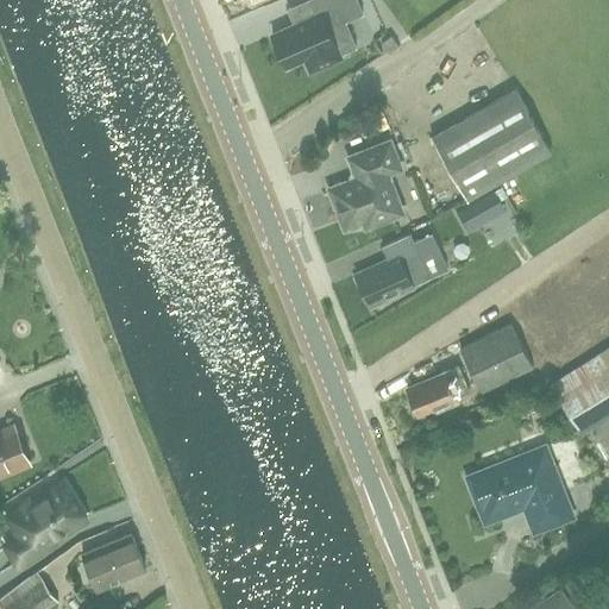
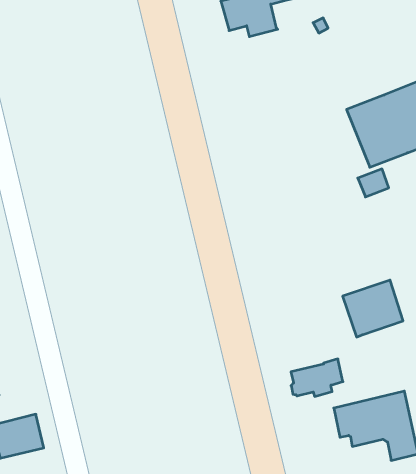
building: [328,143,402,231] -> none
building: [356,234,448,307] -> none
building: [407,366,467,415] -> [291,359,343,396]

